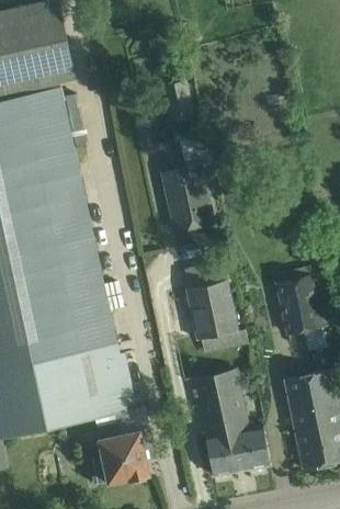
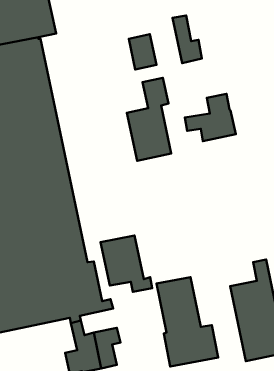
building: none -> [172,16,202,63]
building: none -> [185,94,236,141]
building: [276,275,322,336] -> none
building: [186,281,248,348] -> [101,236,152,292]

